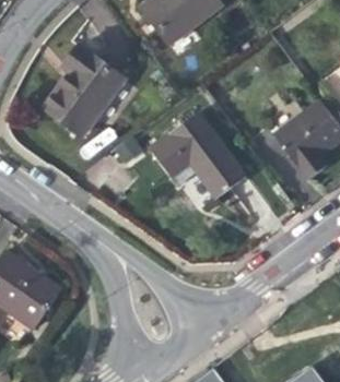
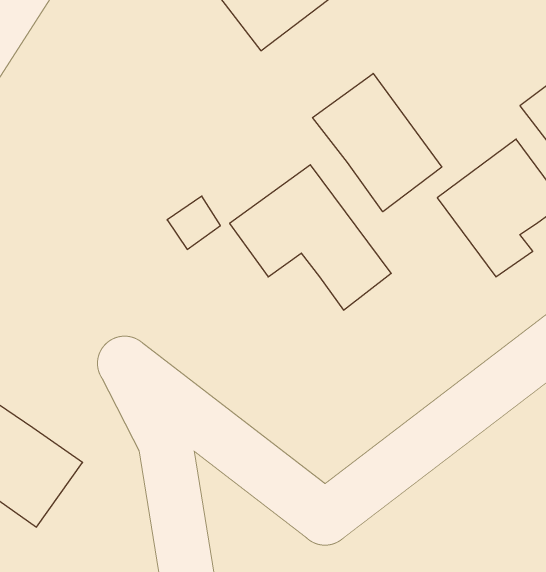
building: [44,48,124,138] -> none
building: none -> [313,73,442,212]

